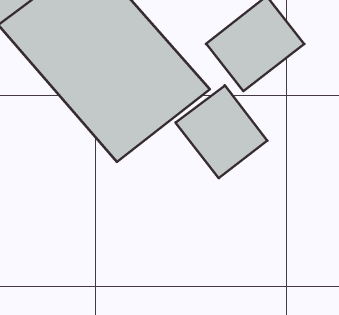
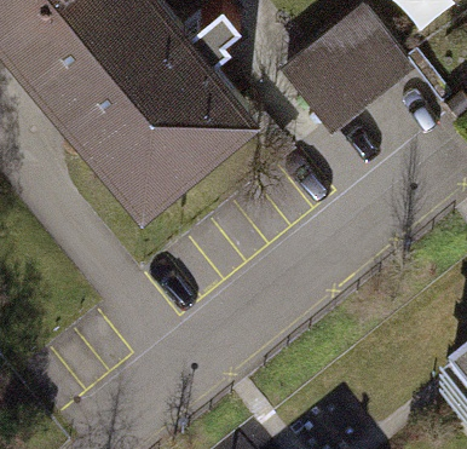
building: [176,85,267,178] -> none

